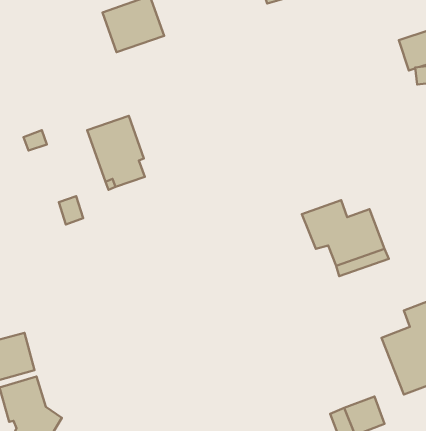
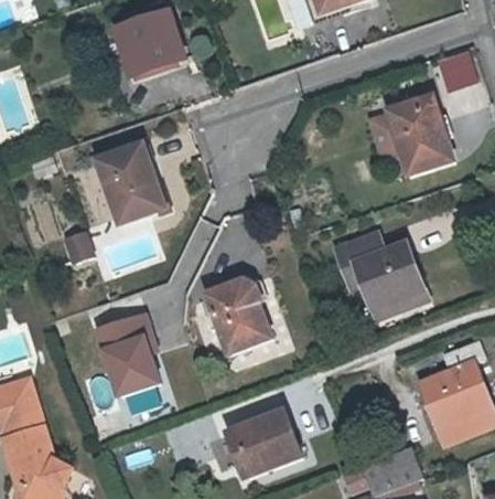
building: none -> [384,99,450,178]
building: none -> [206,278,271,353]
building: none -> [101,310,166,395]
building: none -> [229,411,302,477]

